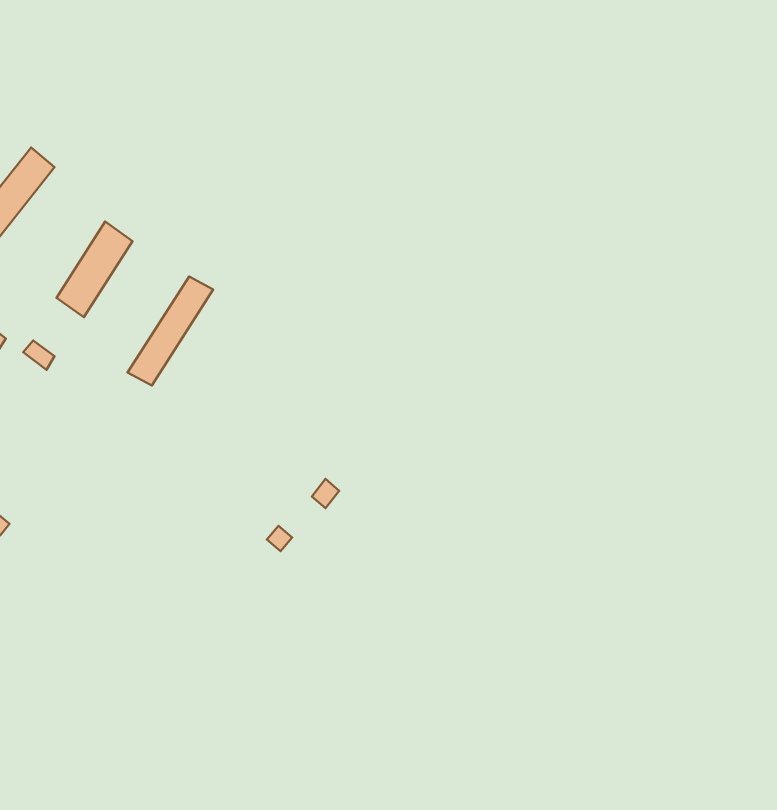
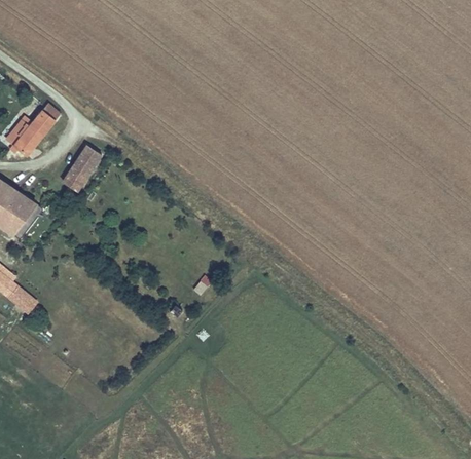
building: [128,277,213,385] -> none

